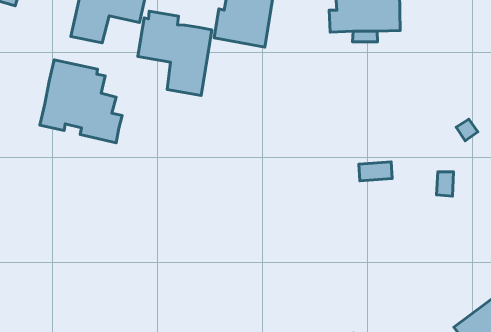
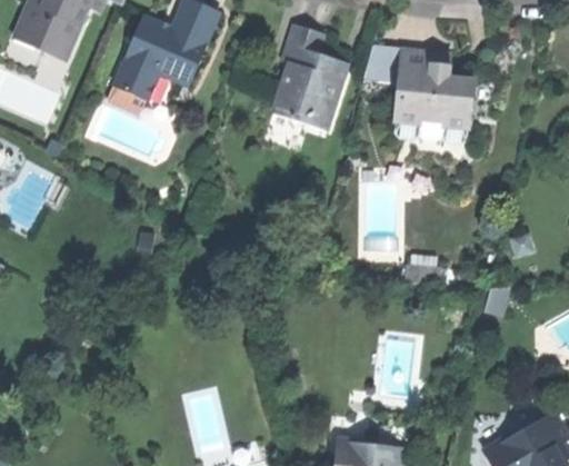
building: [138,11,212,95] -> none
building: [40,60,122,143] -> none

